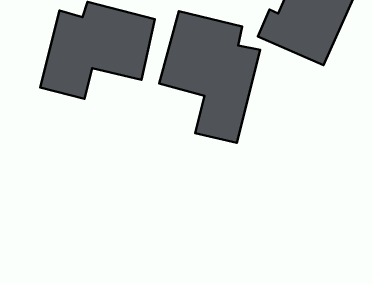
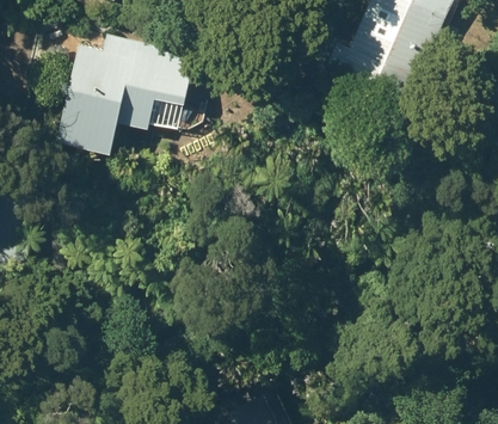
building: [159,11,260,143] -> none

